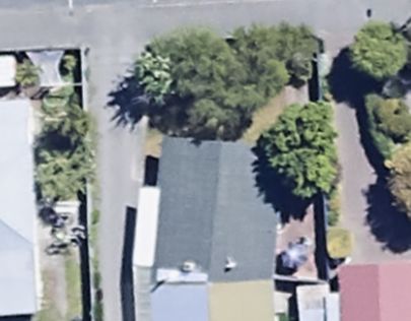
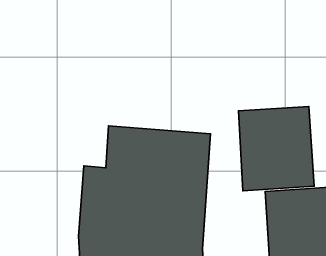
building: none -> [238,106,314,191]

